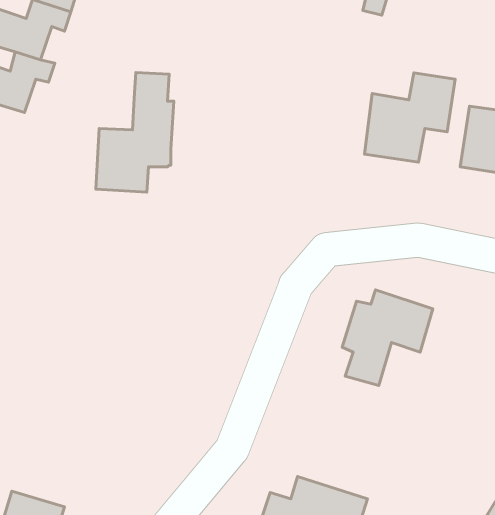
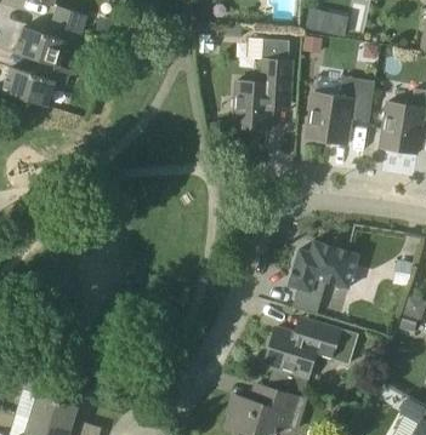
building: [96,72,174,192] -> [233,39,292,130]
building: none -> [263,316,358,391]

